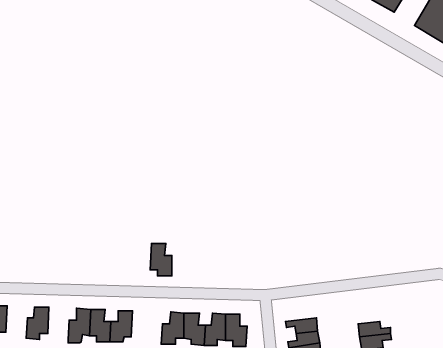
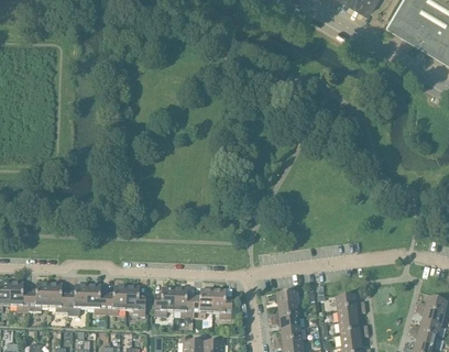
building: [150,243,172,276] -> [124,287,144,317]
building: none -> [9,283,29,312]
building: none -> [47,284,67,314]

